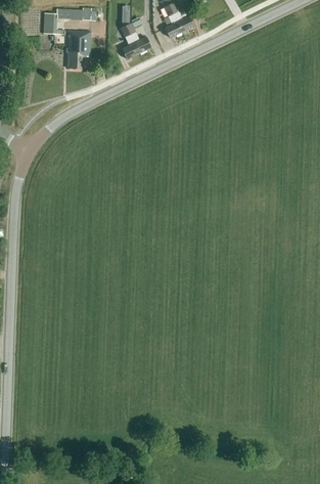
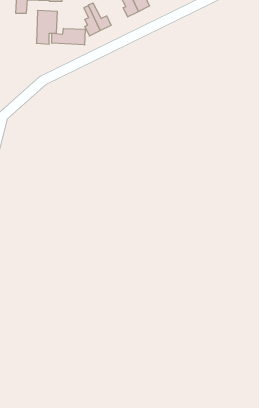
building: none -> [52,28,85,45]

